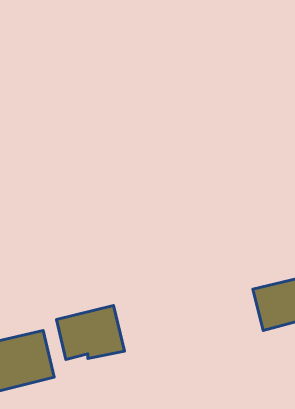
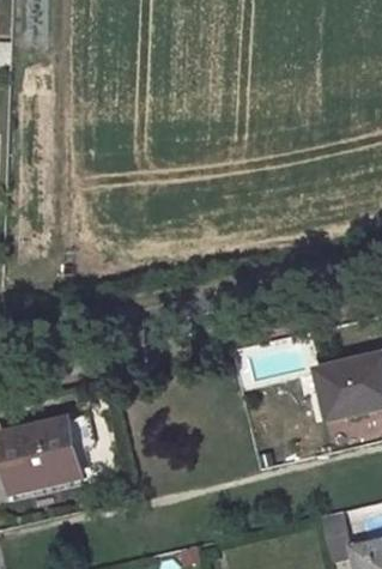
building: [57,306,124,360] -> none

